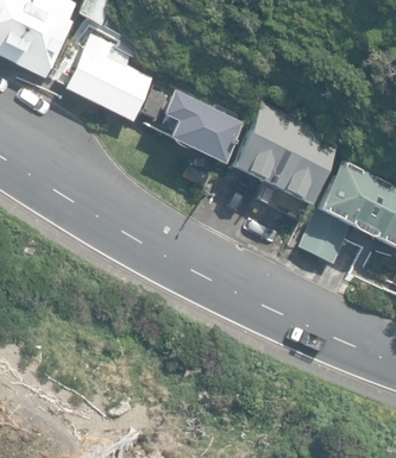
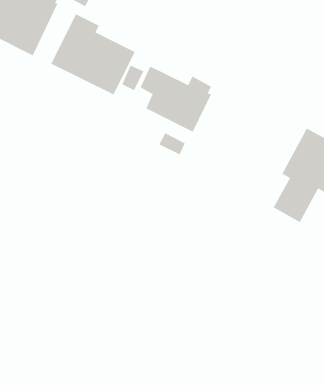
building: [232,100,342,203] -> none

